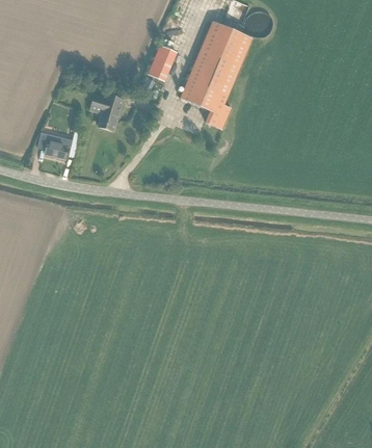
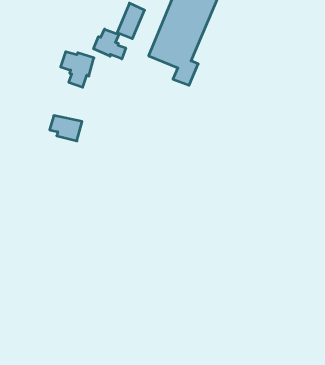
building: none -> [94,29,126,59]
building: [38,132,72,158] -> [50,116,82,141]

